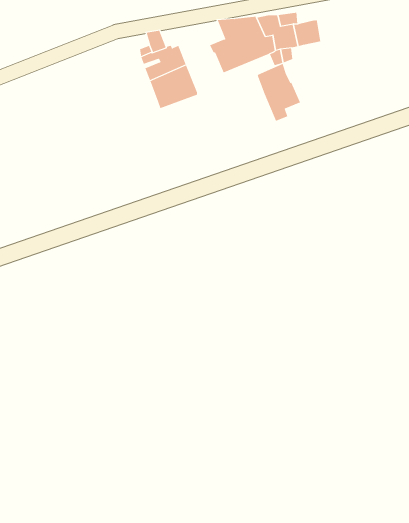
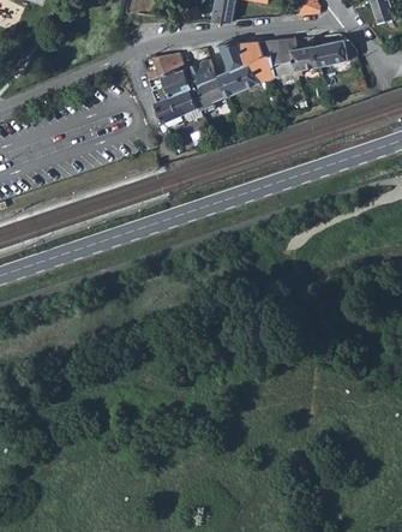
building: none -> [314,40,356,66]
building: [256,63,301,122] -> [184,59,226,114]

